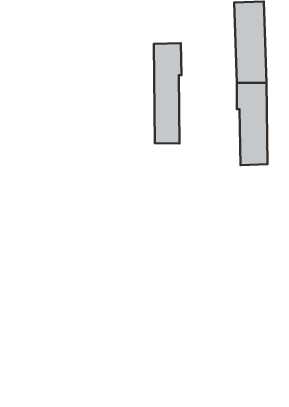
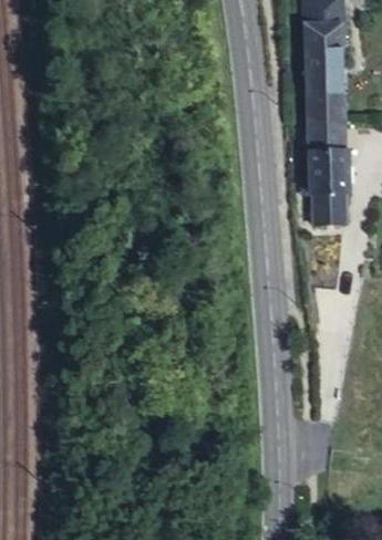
building: [154,43,181,144] -> none

